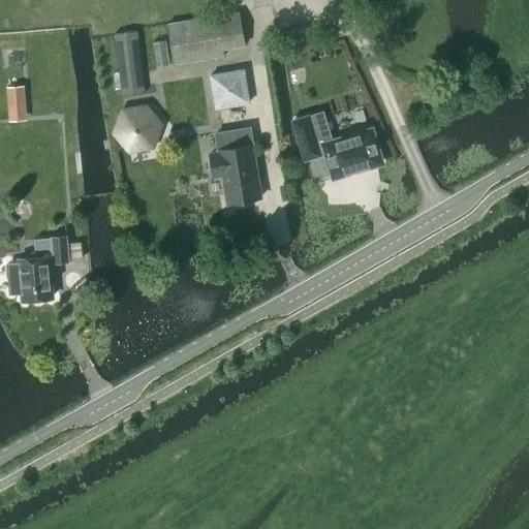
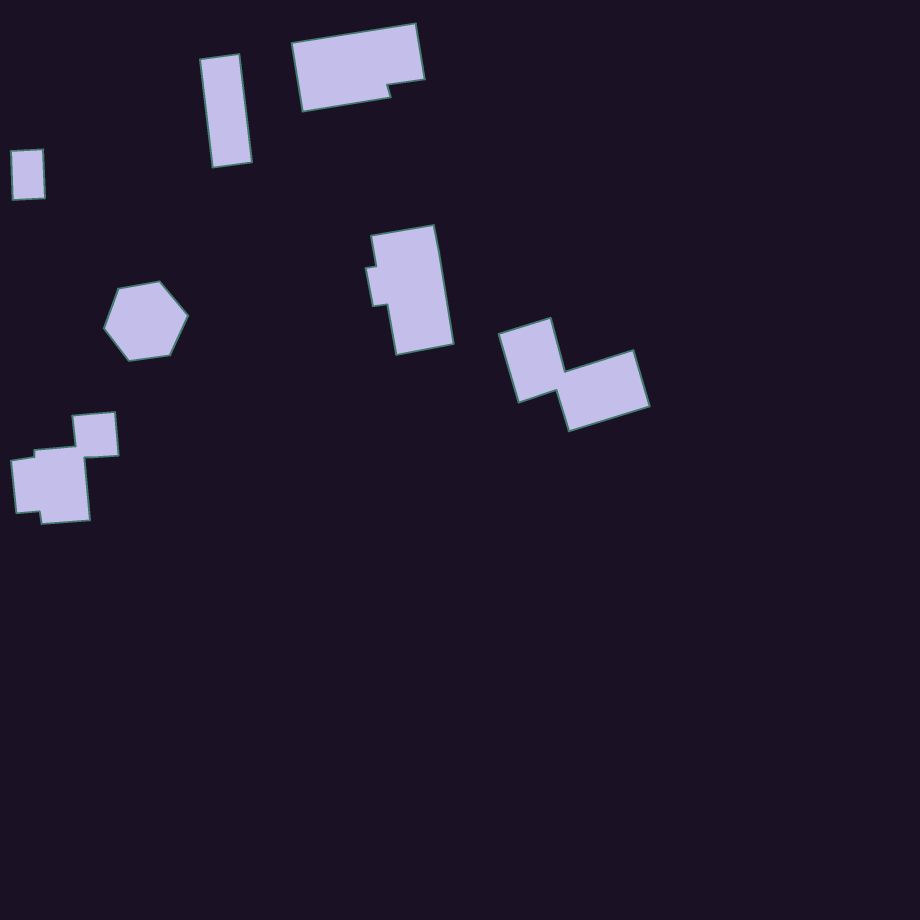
building: [211,70,249,108] -> none
building: [113,99,161,145] -> [104,281,188,361]
building: [293,112,380,177] -> [499,318,650,431]

